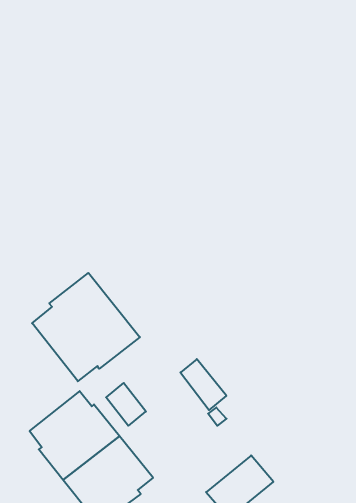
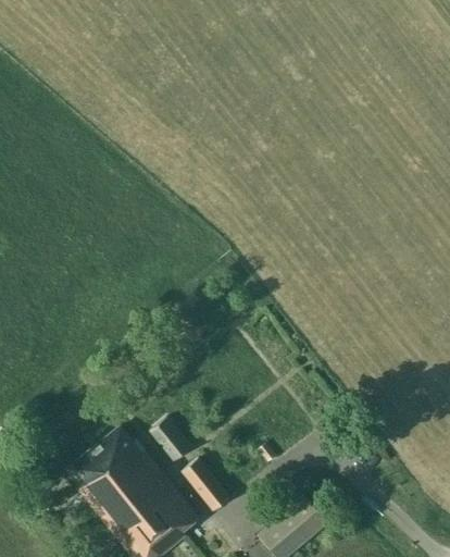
building: [32,273,140,381] -> none
building: [180,359,226,410] -> [182,458,230,512]

